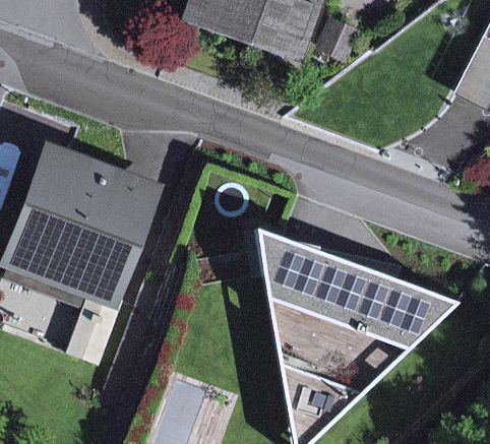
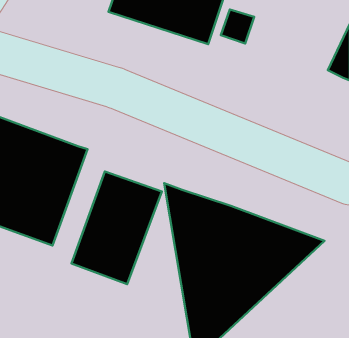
building: none -> [71,171,162,284]

